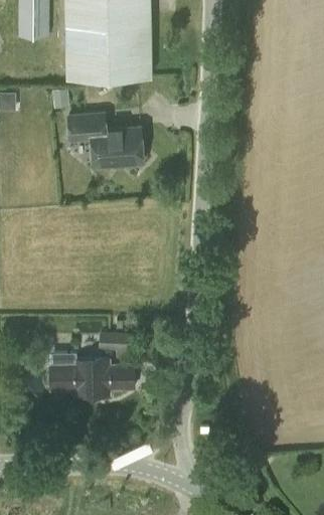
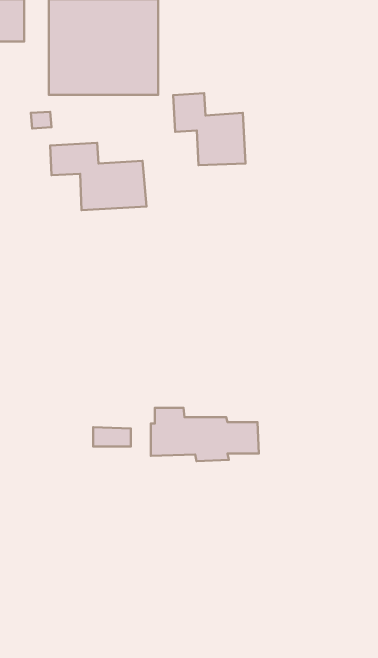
building: none -> [173,93,245,165]
building: [50,354,134,395] -> [151,408,259,461]

